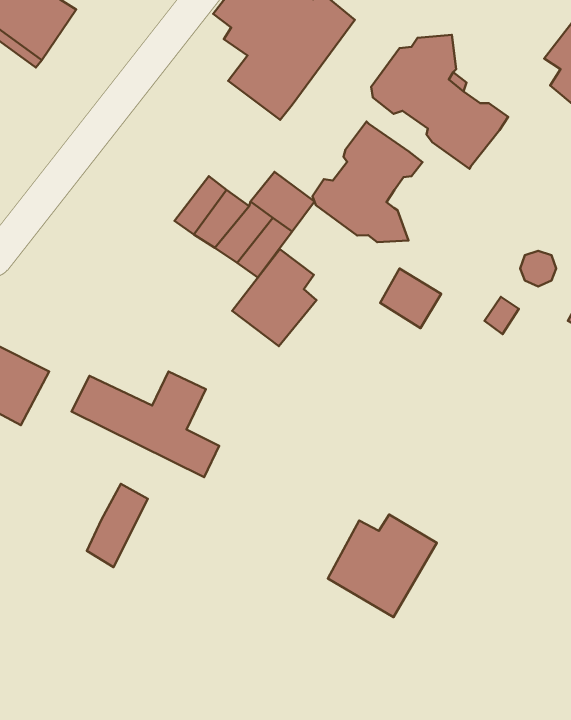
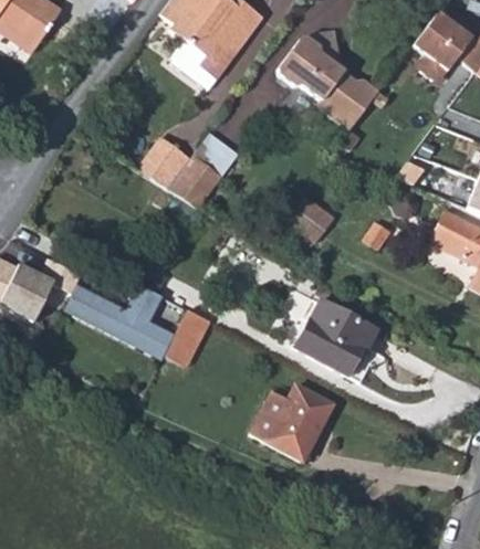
building: [313,122,423,242] -> none
building: [232,249,317,346] -> none
building: none -> [290,302,374,377]
building: [87,484,148,567] -> [159,307,205,369]

